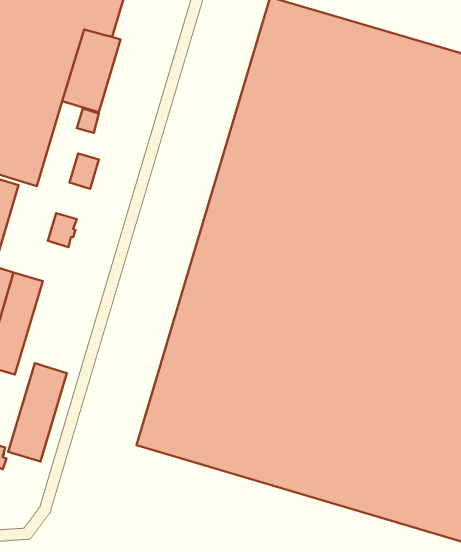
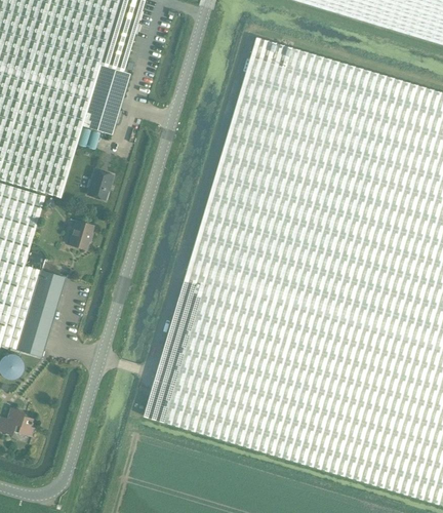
building: [8,363,67,462] -> none

